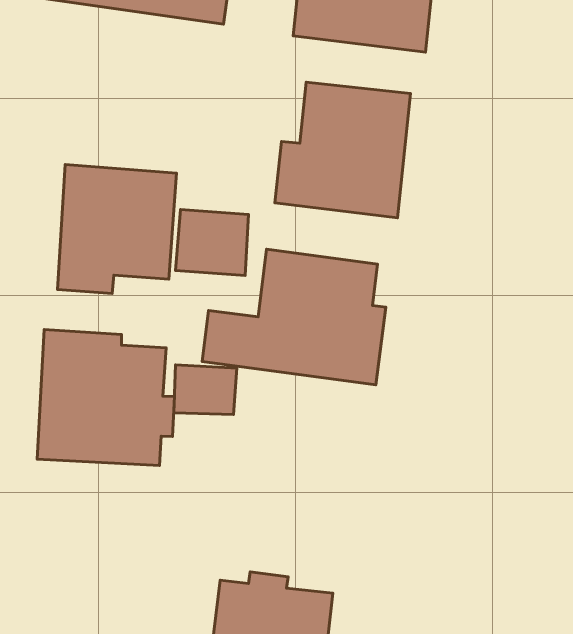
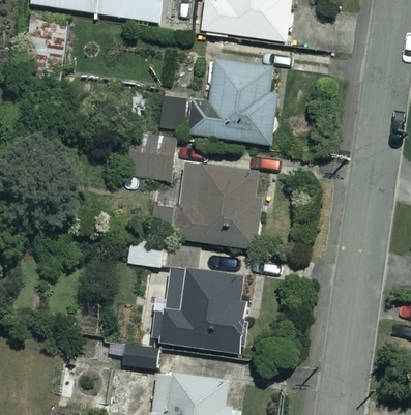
building: [57,165,176,294] -> none
building: [37,329,174,466] -> none
building: none -> [153,268,256,354]

